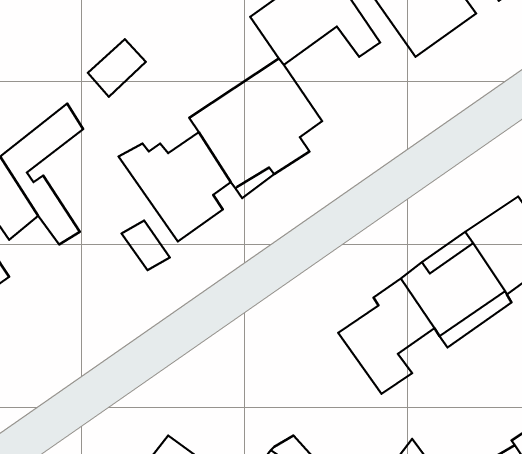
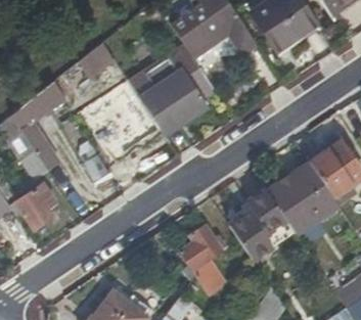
building: none -> [16,183,59,230]
building: none -> [181,227,225,295]

